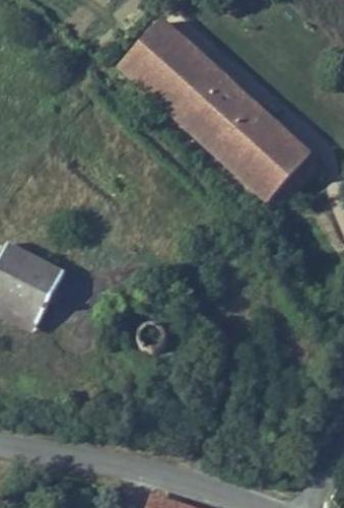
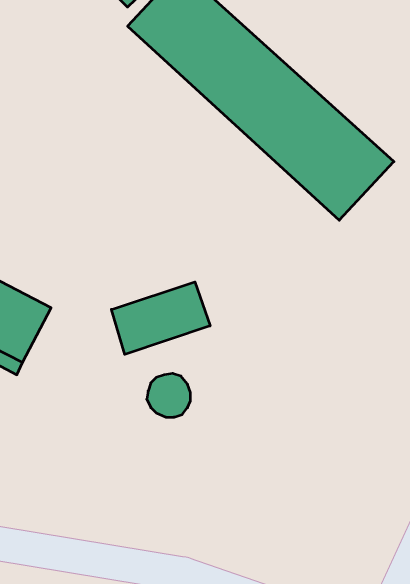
building: none -> [111,282,210,354]

